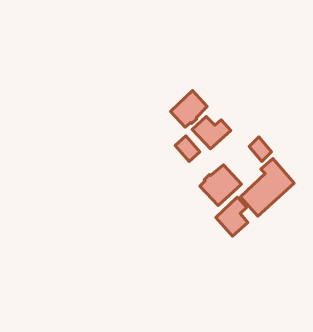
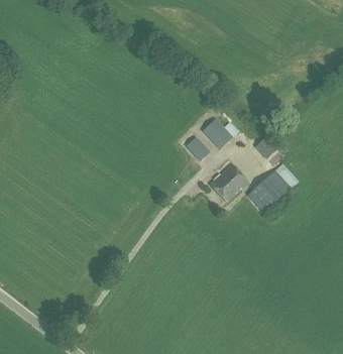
building: [171,91,207,127] -> none
building: [216,197,248,236] -> none

